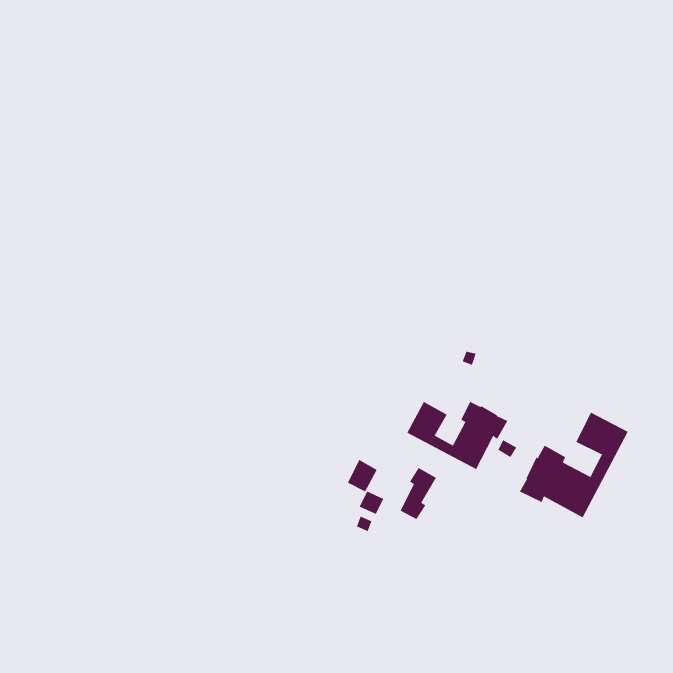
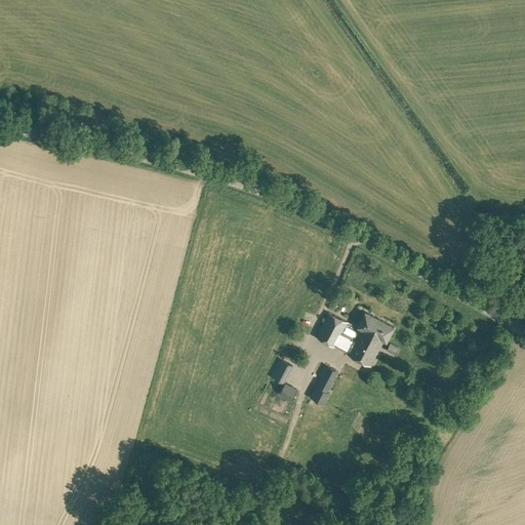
building: [519,412,629,518] -> none

